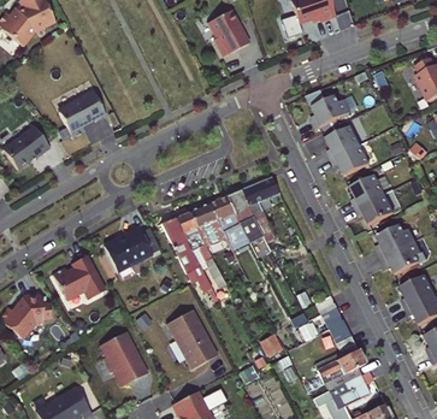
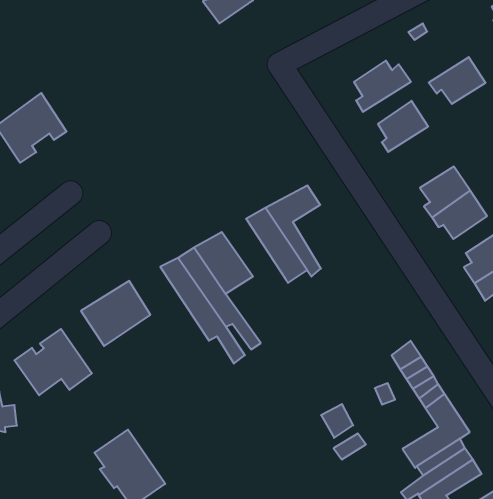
building: [330,144,370,176] -> [429,57,486,104]
building: [207,194,248,248] -> none
building: [166,309,217,368] -> none

